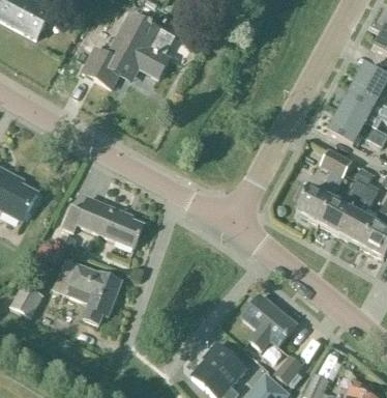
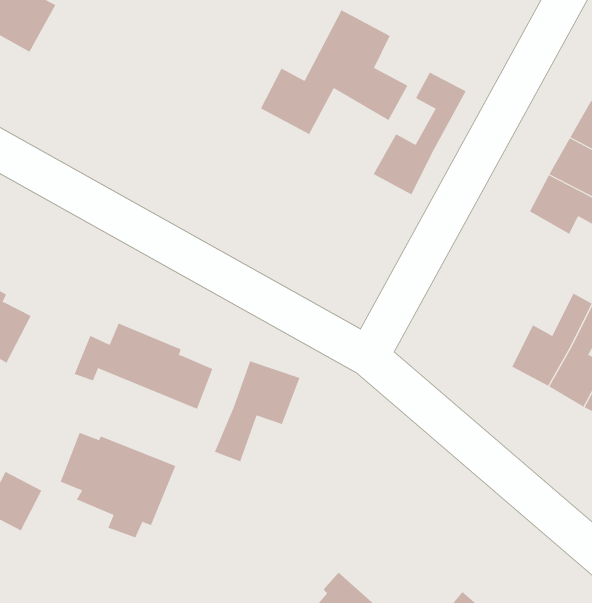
building: [82,12,169,86] -> [260,9,408,135]
building: [295,149,350,222] -> [373,72,466,195]
building: none -> [214,360,300,462]
building: [241,294,295,348] -> none

